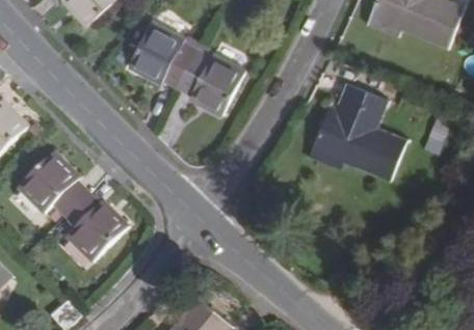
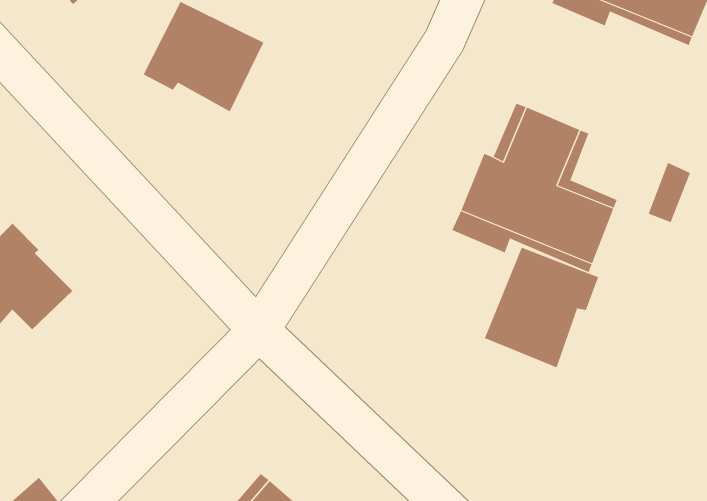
building: [179,48,245,115] -> none
building: none -> [484,247,599,368]
building: [63,192,127,262] -> none

